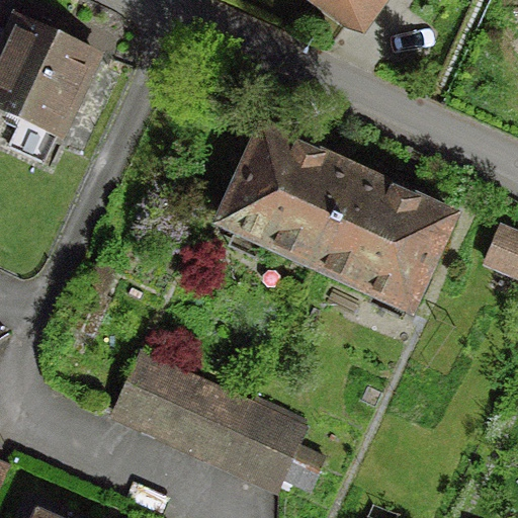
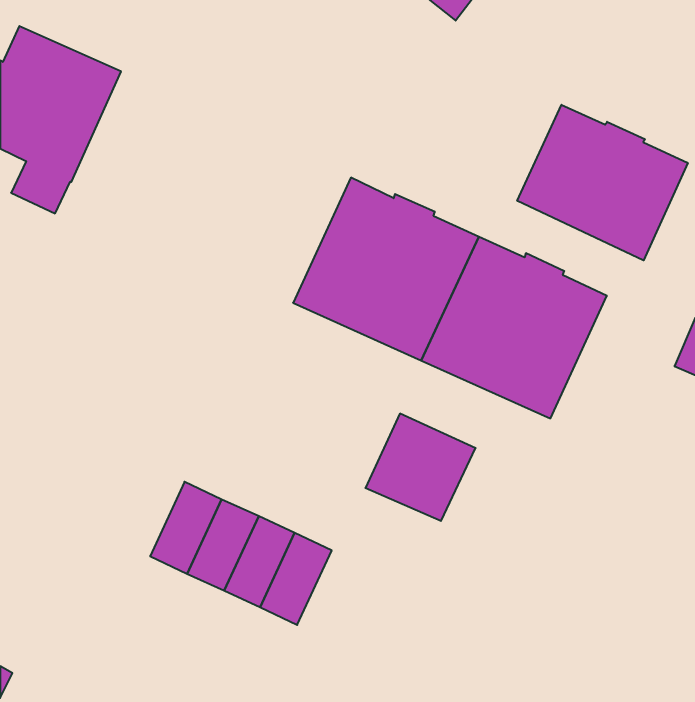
building: none -> [517,105,688,260]
building: [225,405,306,484] -> [365,414,476,521]

